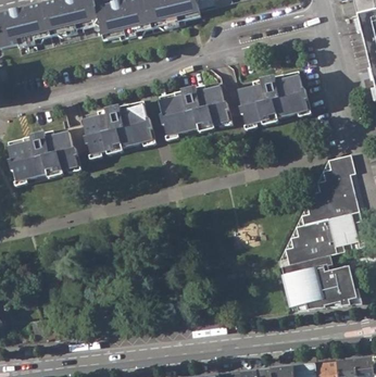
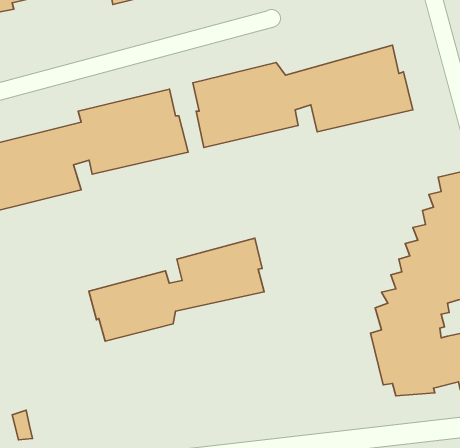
building: none -> [89,238,264,341]

